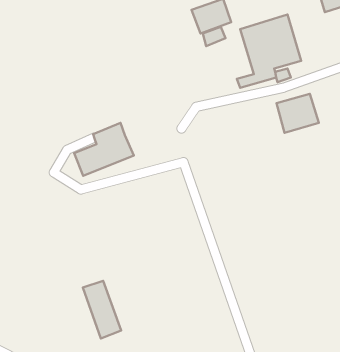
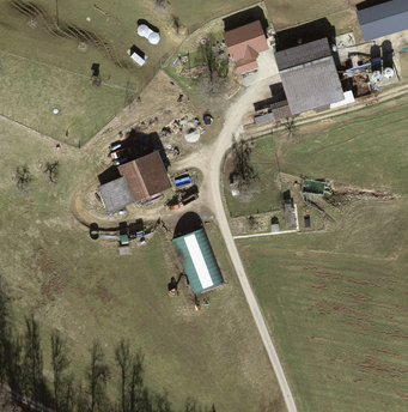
building: [276,94,319,133] -> none
building: [83,281,121,338] -> [175,228,215,289]

